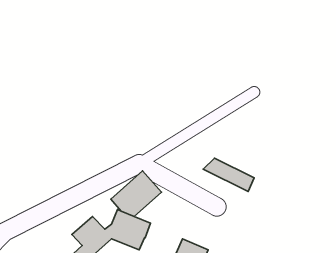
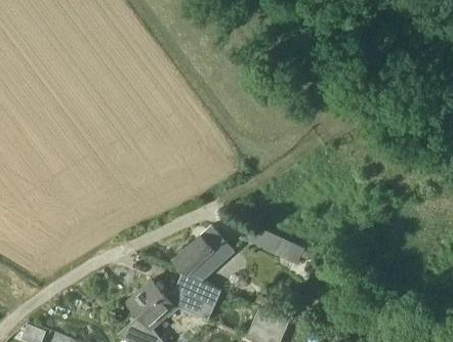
building: [203,158,254,192] -> [244,226,304,266]

